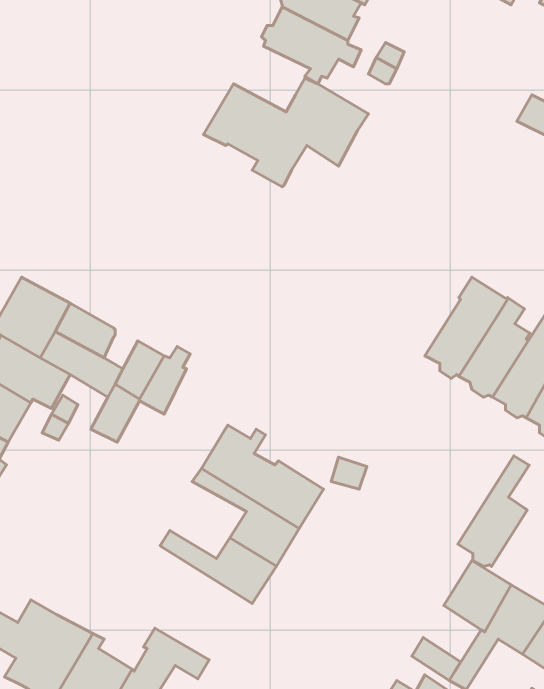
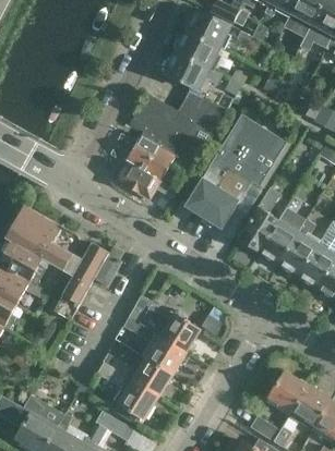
building: none -> [183,114,290,229]
building: none -> [115,130,186,199]
building: [458,456,529,567] -> [238,188,279,253]
building: none -> [98,364,157,426]

